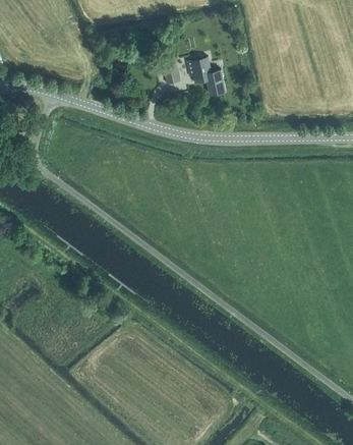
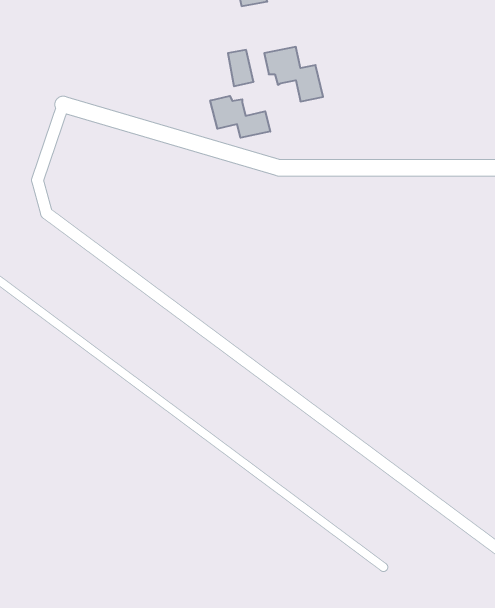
building: none -> [210,96,270,138]

